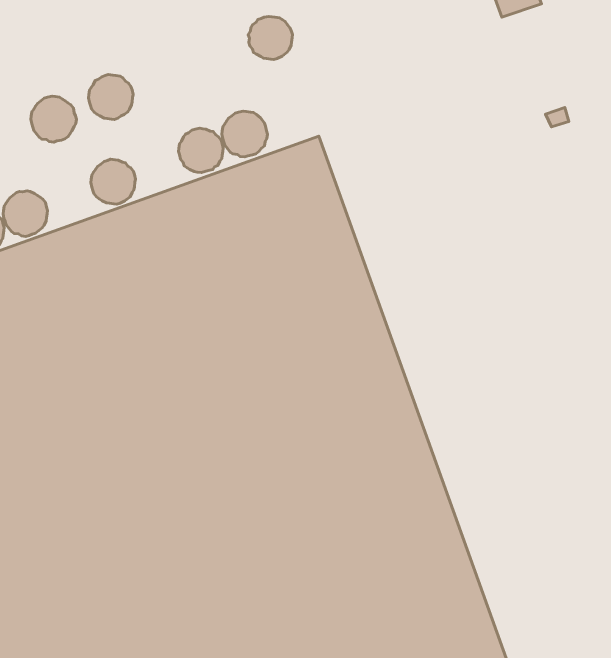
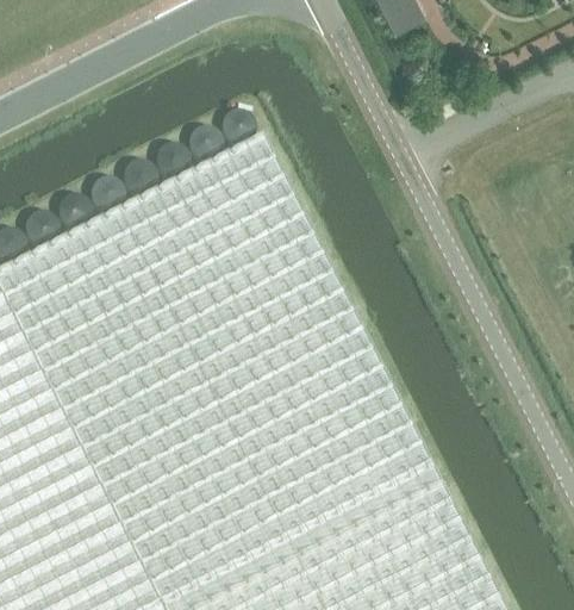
building: [248,16,292,60] -> [222,117,256,150]
building: [88,74,133,119] -> [124,167,158,201]
building: [31,96,77,142] -> [58,200,94,236]

